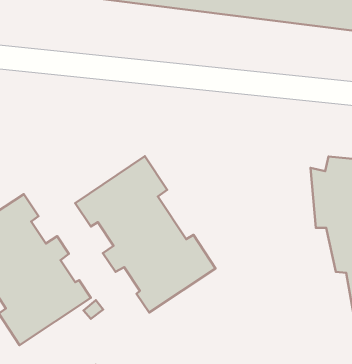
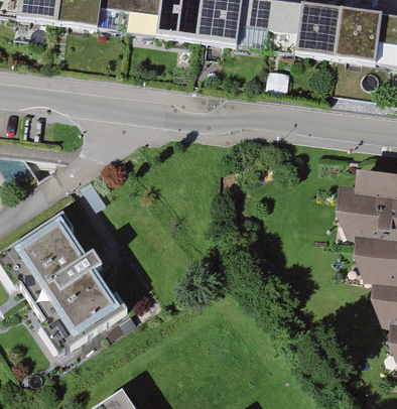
building: [75,156,216,312] -> none

